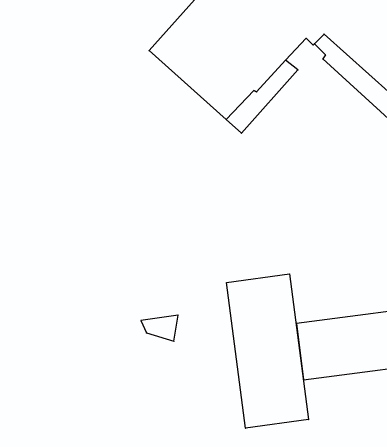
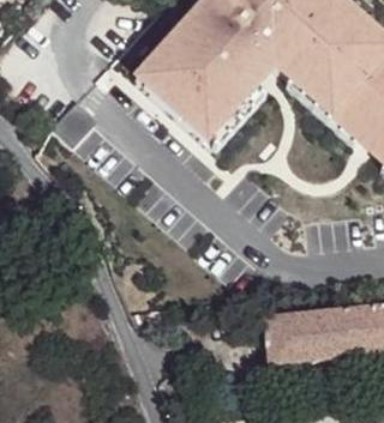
building: [227,274,309,428] -> none

